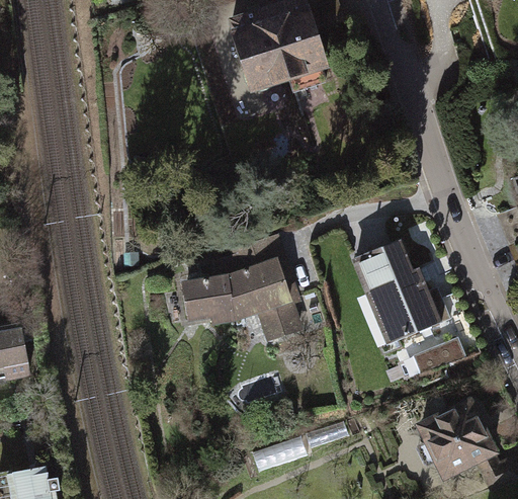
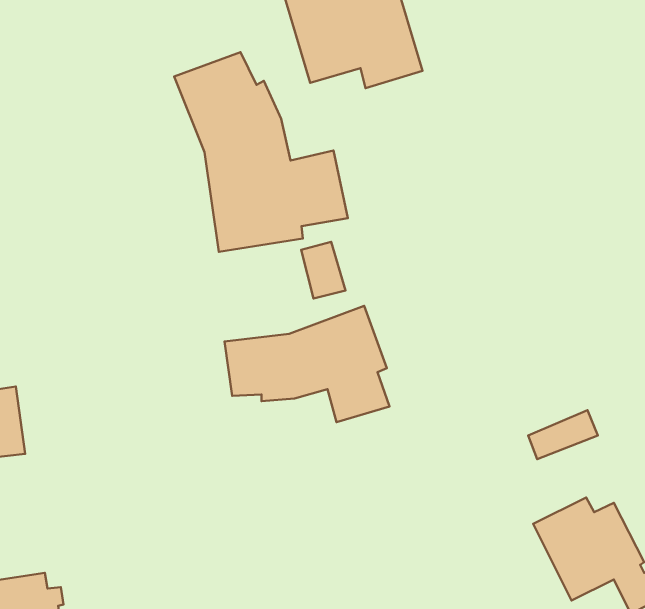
building: none -> [174,52,348,252]
building: none -> [301,242,346,299]
building: [352,239,450,347] -> none

